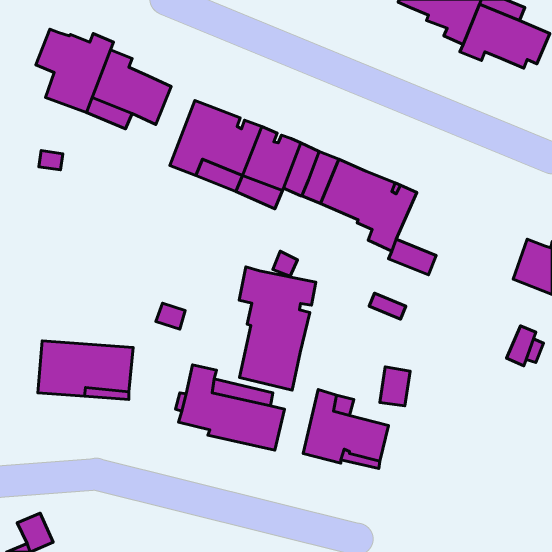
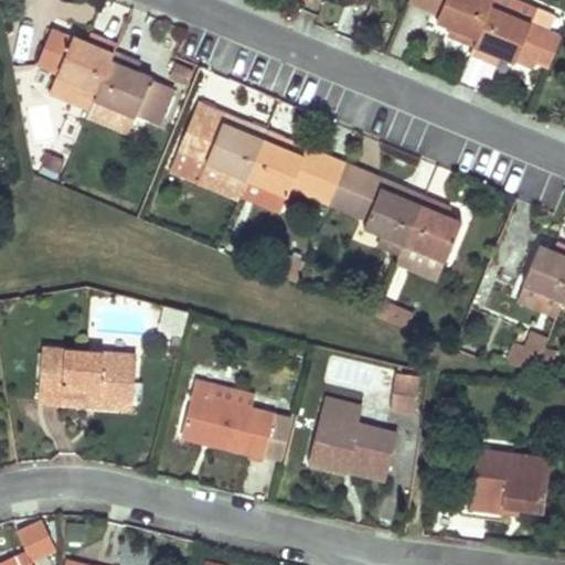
building: none -> [404,196,461,260]
building: [239,267,316,390] -> none
building: none -> [470,451,550,512]

